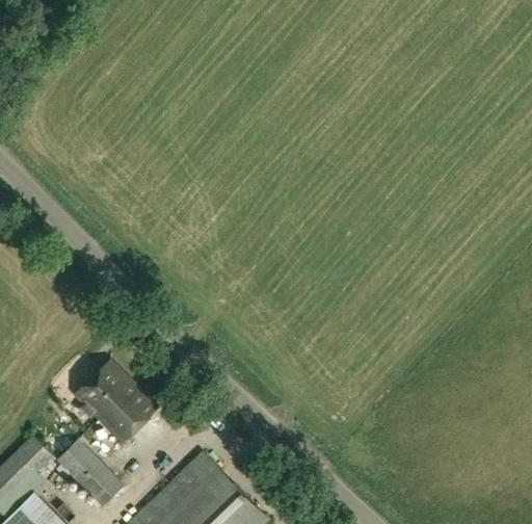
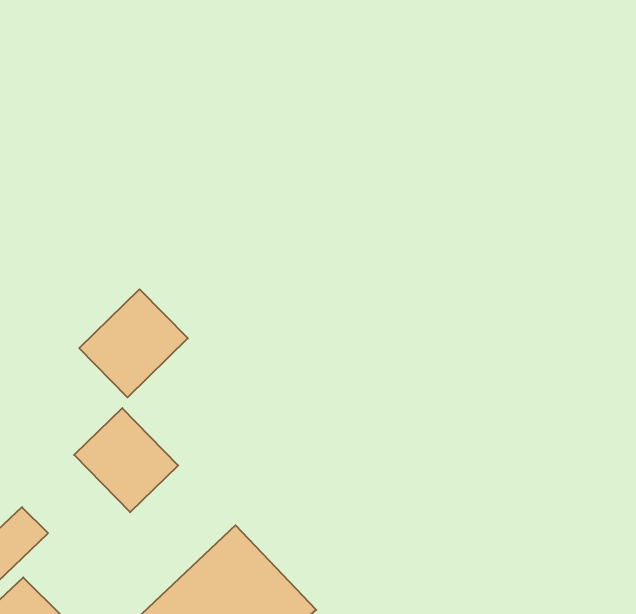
building: none -> [79,289,188,397]
building: [56,439,122,504] -> none

